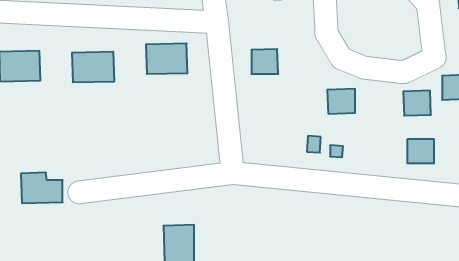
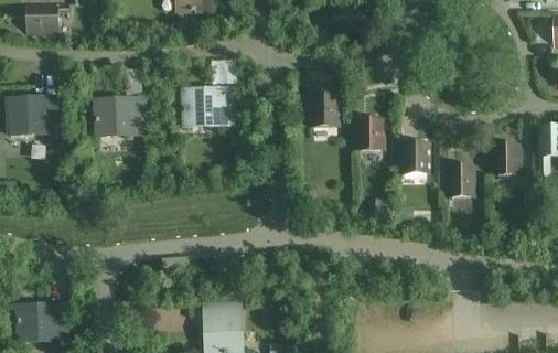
building: none -> [354,118,386,147]
building: [407,139,434,163] -> [446,165,477,194]
building: [21,173,63,203] -> [17,303,66,340]

